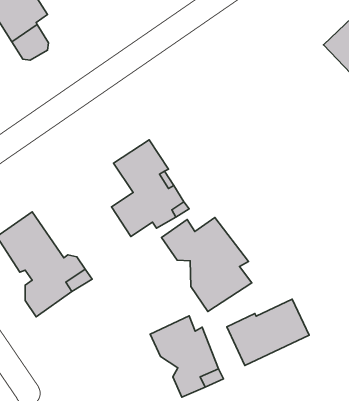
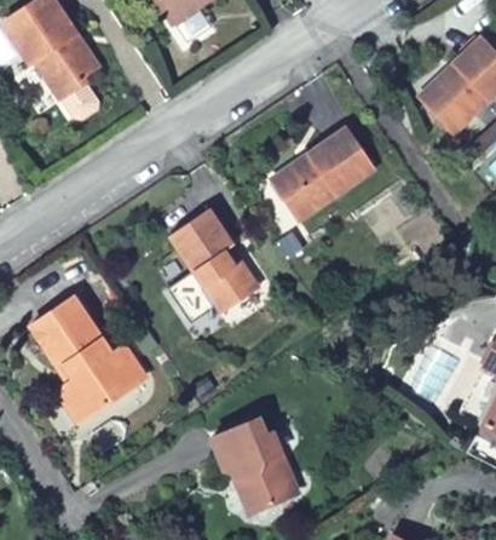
building: none -> [277,127,374,216]
building: [162,217,252,312] -> none
building: [227,299,309,366] -> none

